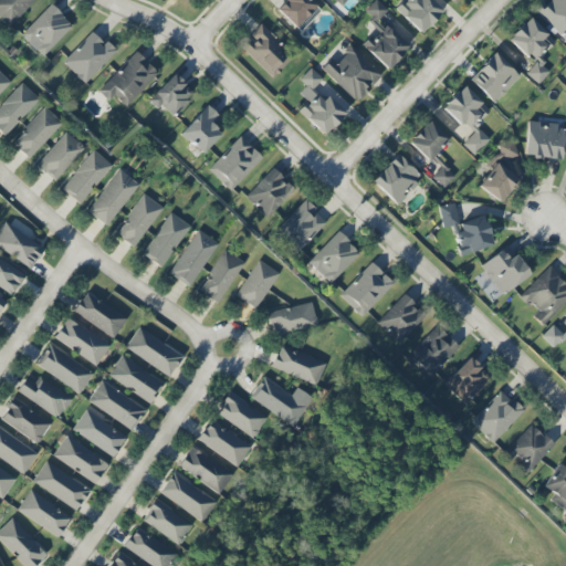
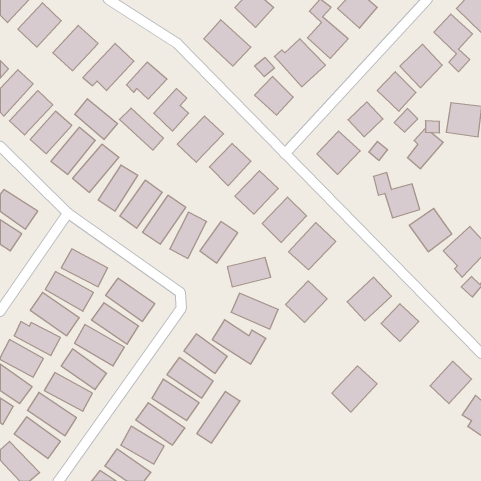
building: none -> [75,99,118,140]
building: none -> [119,108,163,150]
building: [377,294,426,343] -> [286,281,327,322]
building: [471,389,524,443] -> [332,366,377,412]
building: none -> [197,391,240,443]

